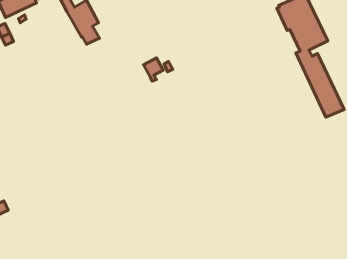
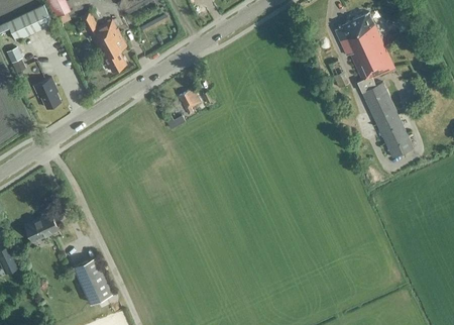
building: none -> [33,78,60,108]
building: none -> [24,213,58,241]
building: none -> [73,256,112,304]

